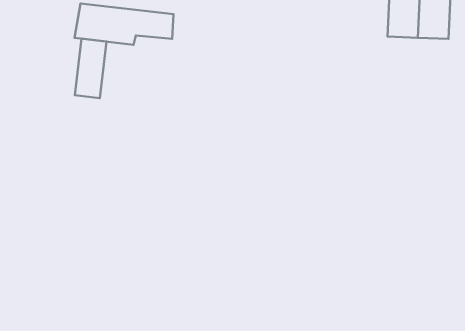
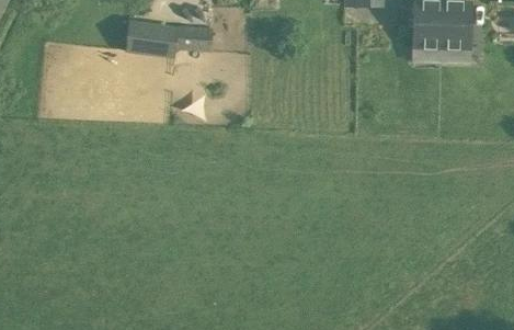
building: [75,39,106,98] -> none

